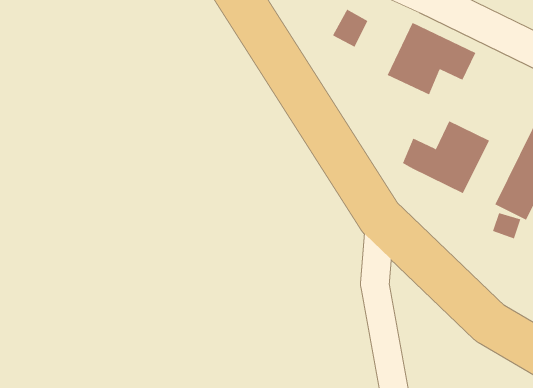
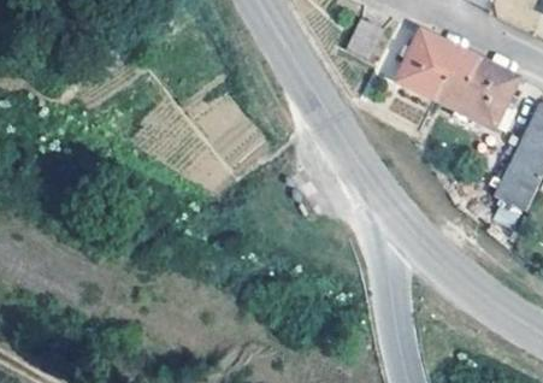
building: [402,121,490,194] -> [436,58,515,124]

